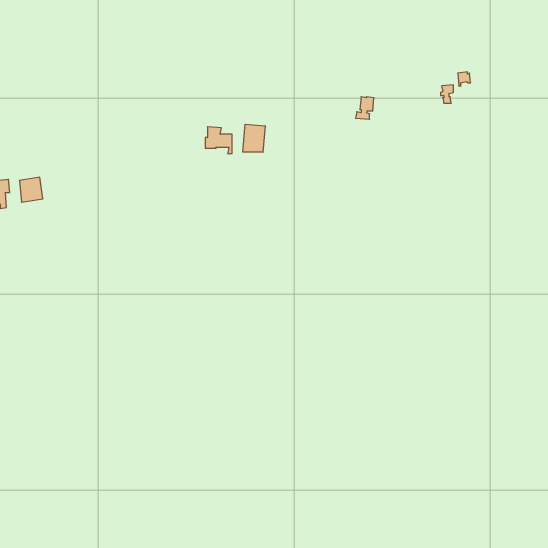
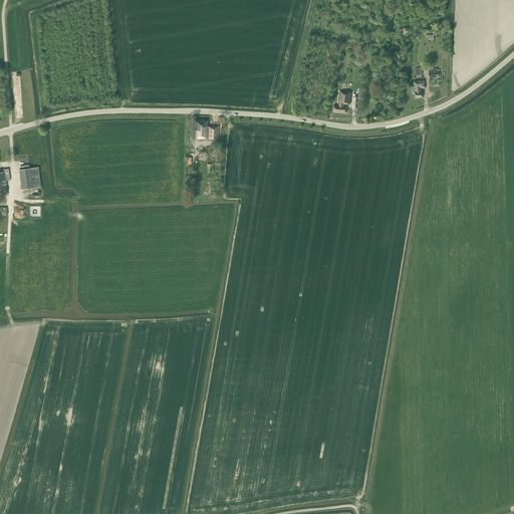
building: [243,124,265,152] -> none

